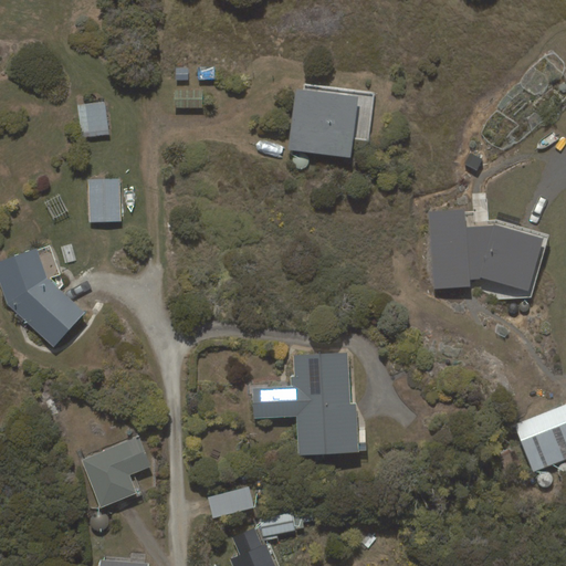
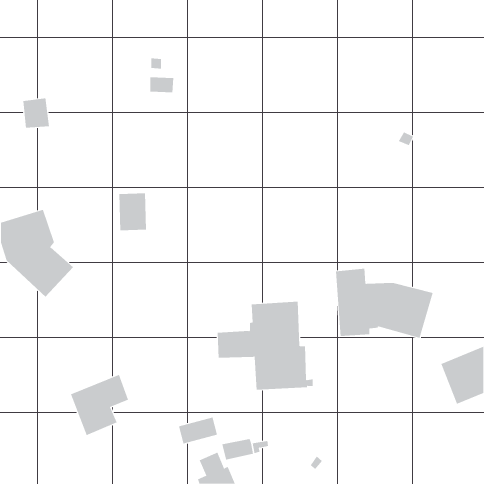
building: [287,88,359,158] -> none
building: [77,102,109,137] -> [22,98,50,128]
building: [88,178,122,222] -> [119,193,147,231]
building: [429,209,544,291] -> [335,268,434,338]

